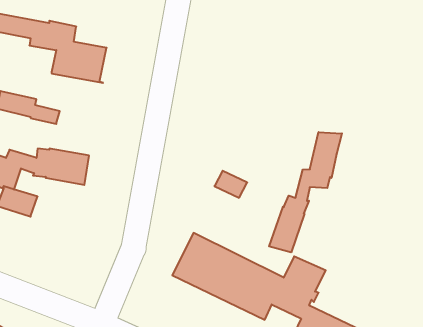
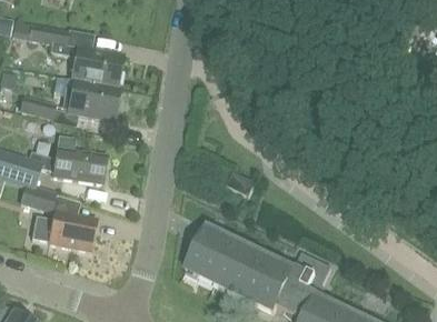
building: none -> [60,76,119,118]
building: [269,132,342,252] -> none
building: none -> [31,209,96,250]

